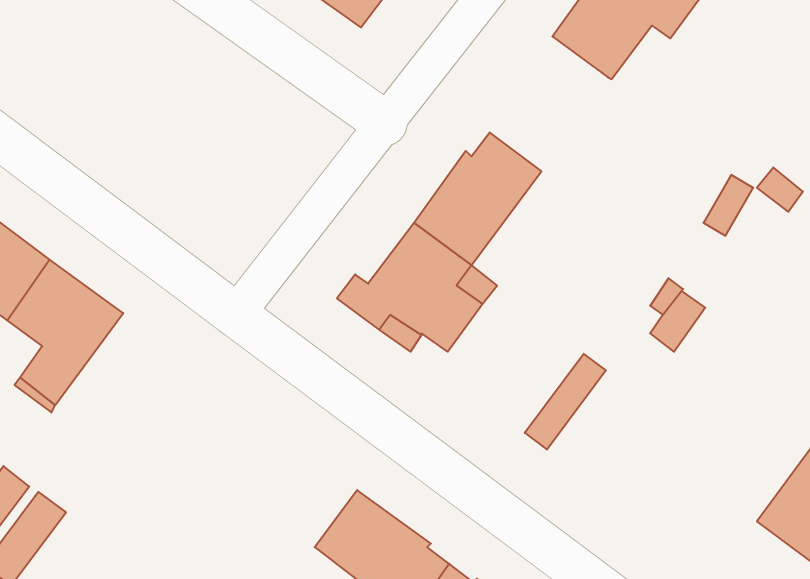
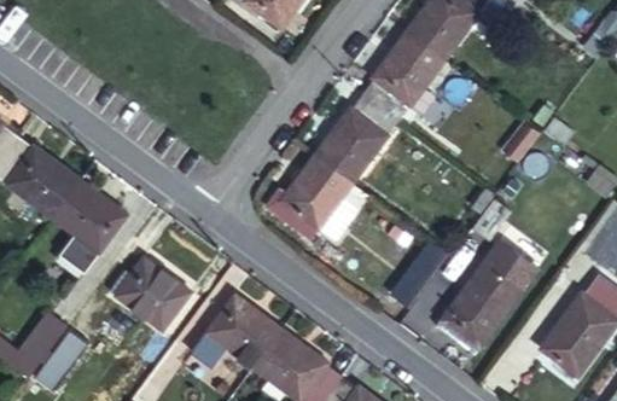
building: none -> [366,30,446,118]
building: none -> [437,246,536,351]
building: none -> [115,256,188,327]
building: none -> [190,292,279,367]

